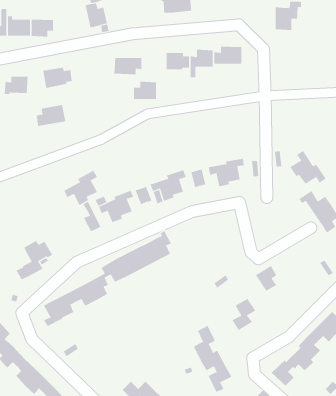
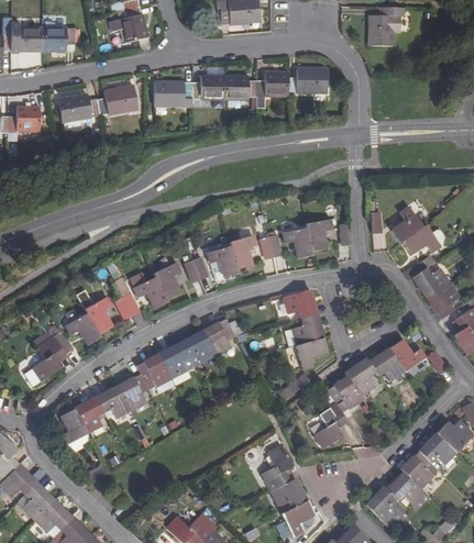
building: [133,81,157,99] -> [194,75,225,99]
building: [36,104,66,127] -> [98,85,139,114]
building: [64,170,98,206] -> [66,295,112,343]
building: none -> [285,290,328,370]
building: none -> [368,343,426,384]
building: none -> [326,378,362,410]

